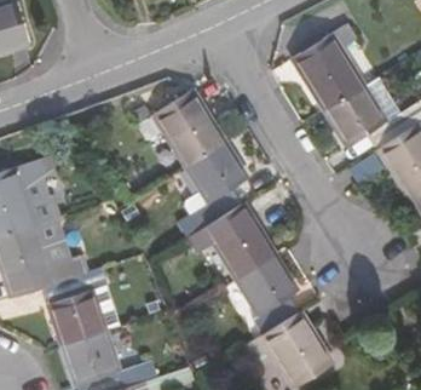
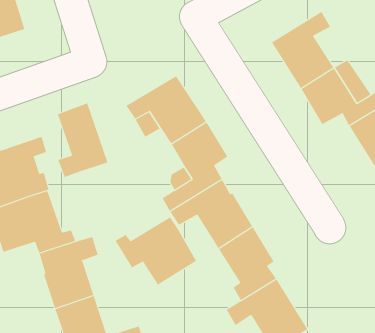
building: none -> [57,103,108,178]
building: none -> [115,217,197,285]

